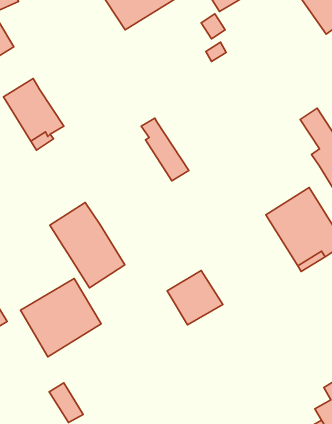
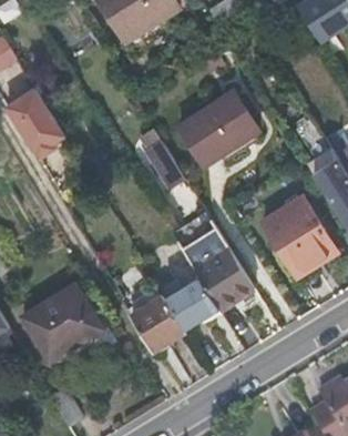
building: none -> [177,90,259,165]
building: [50,203,125,288] -> [181,226,254,310]
building: none -> [130,294,185,351]

